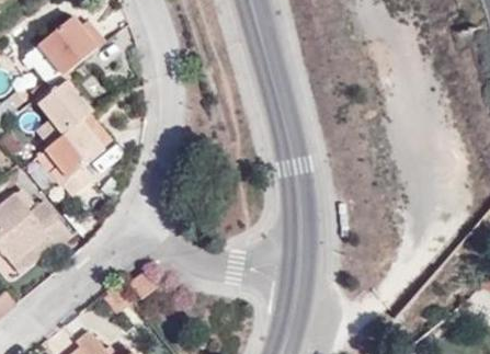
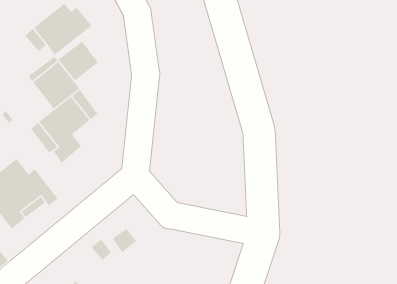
building: none -> [58,40,99,81]

